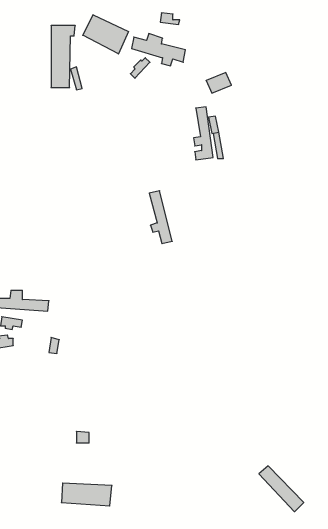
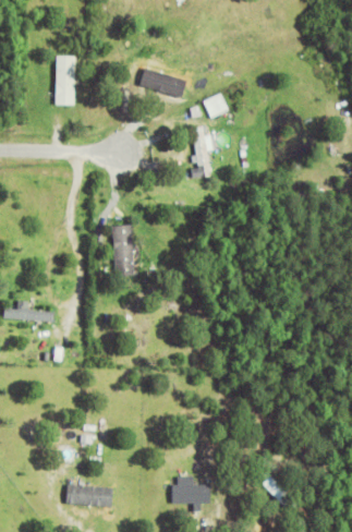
building: [83,15,129,54] -> none
building: [149,191,172,244] -> [121,228,143,278]
building: none -> [171,485,210,506]

